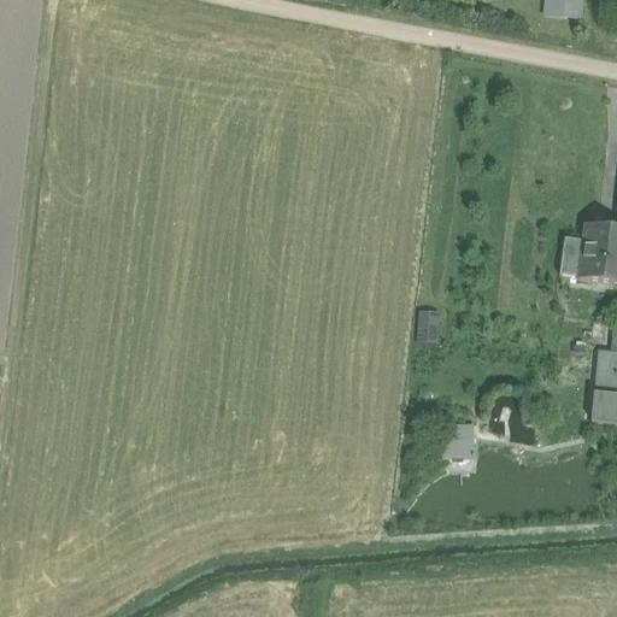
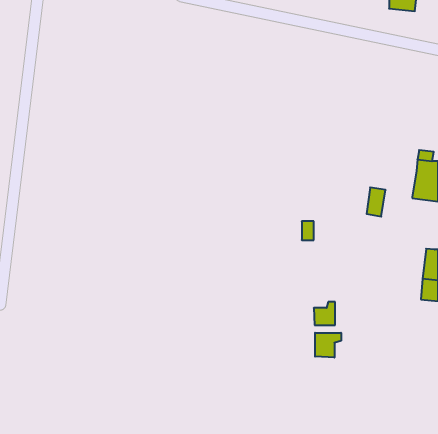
building: [559,236,586,277] -> [367,187,386,217]
building: none -> [315,333,341,358]

